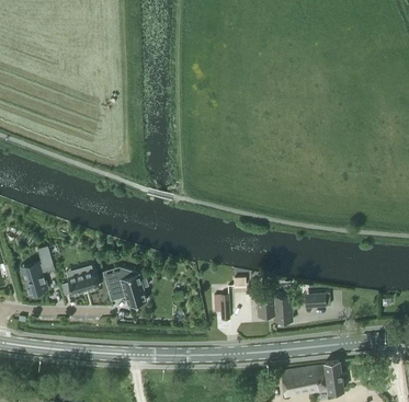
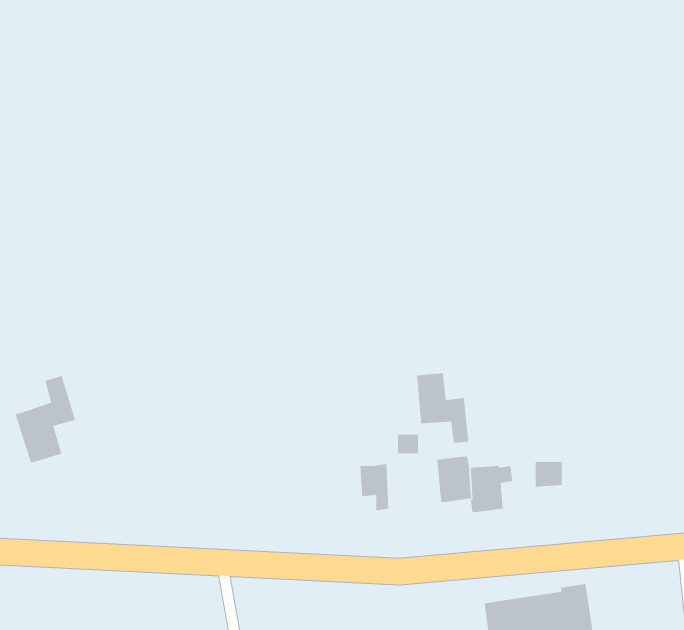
building: none -> [417,372,469,443]
building: [61,265,99,297] -> none
building: [103,267,149,307] -> none

